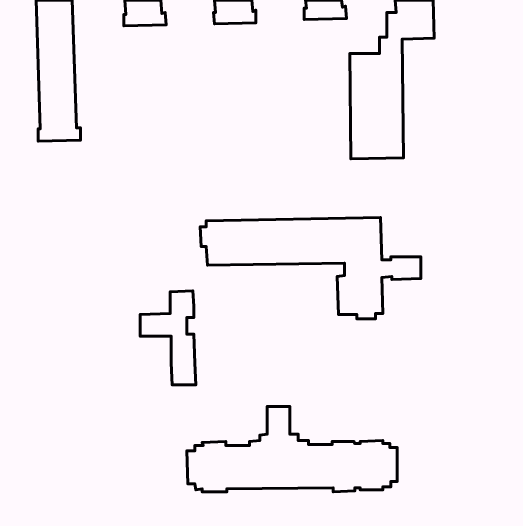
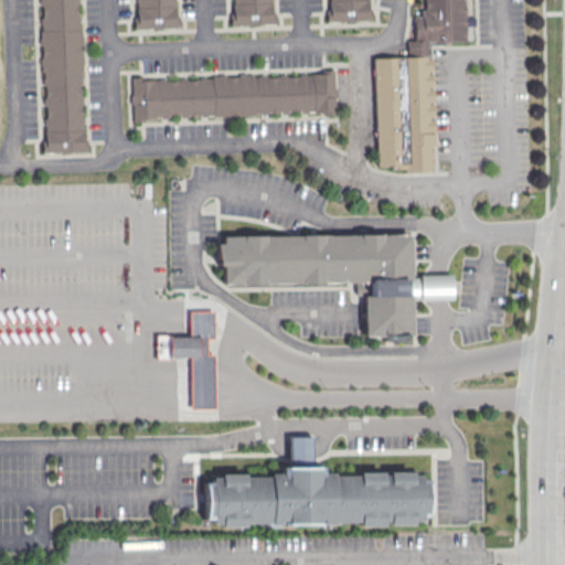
building: none -> [134,70,338,122]

